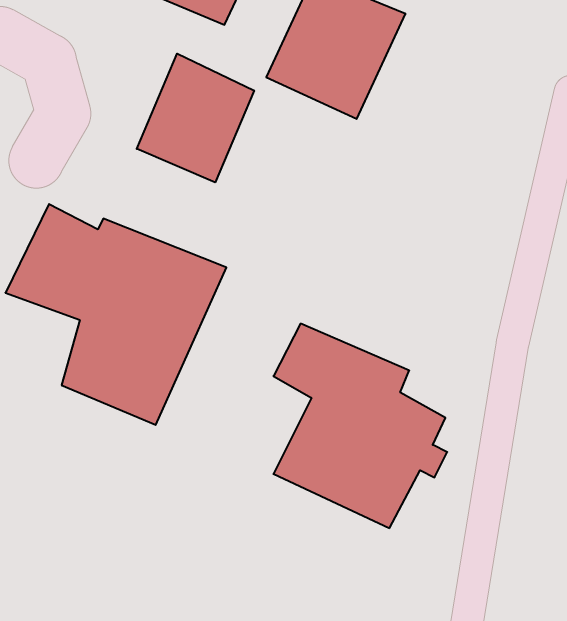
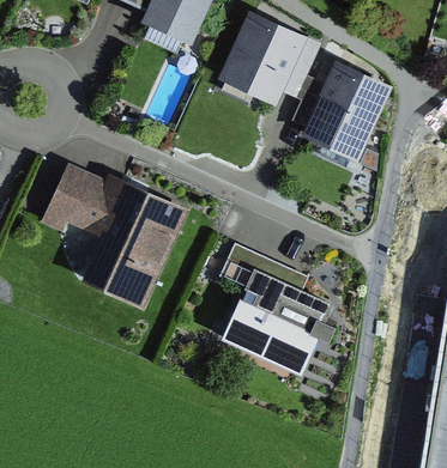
building: none -> [302,60,391,160]
building: [137,54,254,182] -> none

